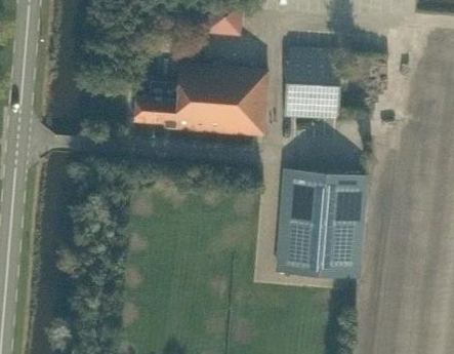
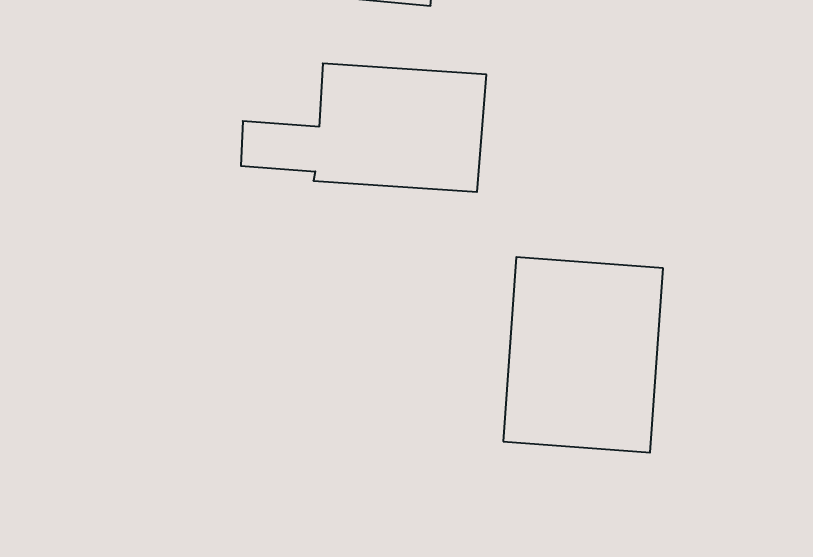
building: [284,49,340,119] -> none

